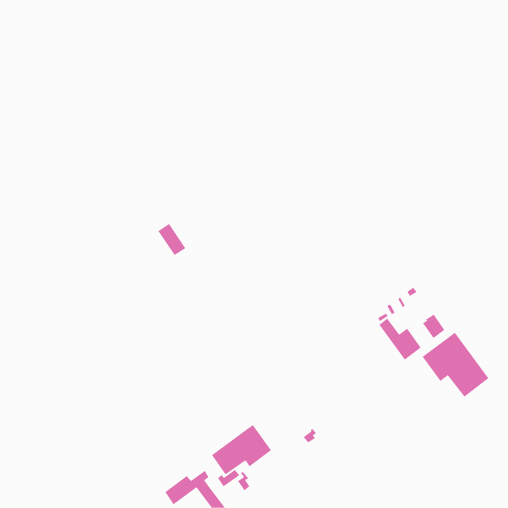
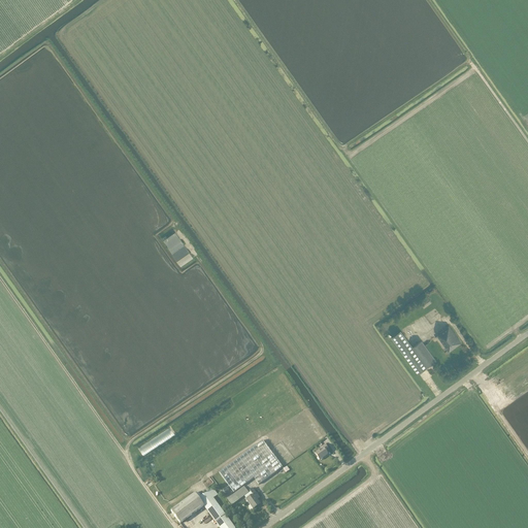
building: [422,332,489,397] -> none

